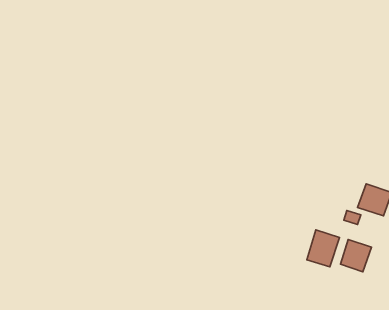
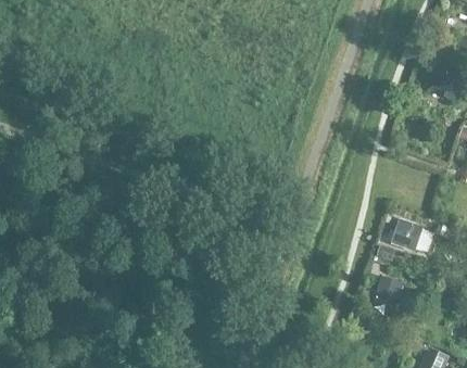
building: [307,230,339,267] -> none

